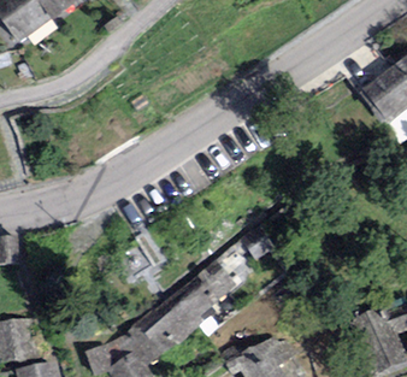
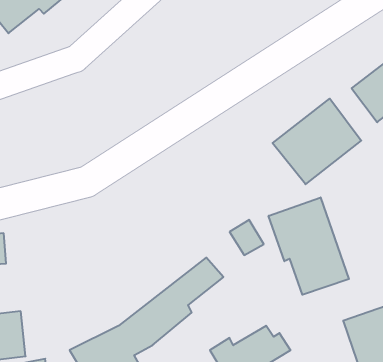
building: none -> [273,99,361,184]
building: none -> [269,197,349,295]

